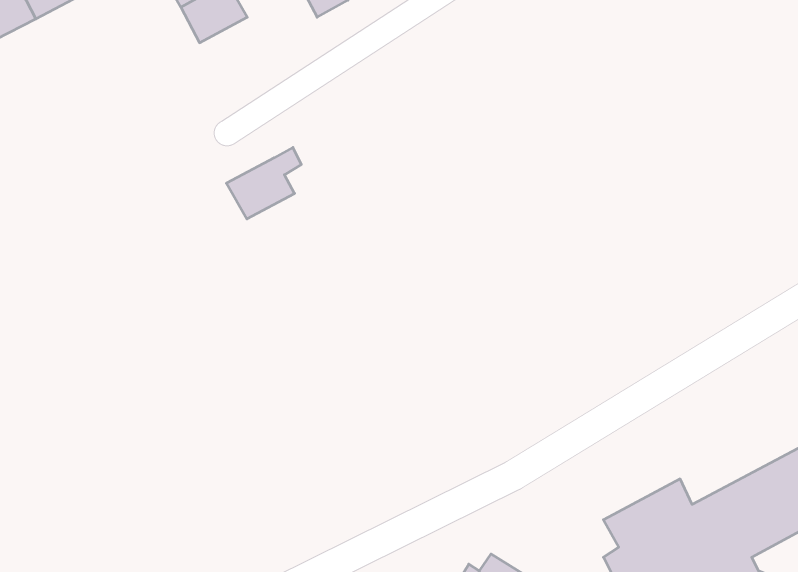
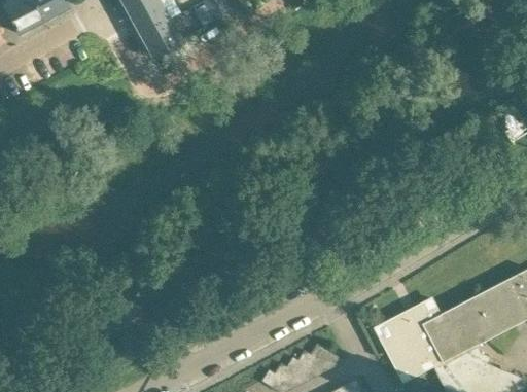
building: [226,147,301,219] -> [141,14,186,58]

